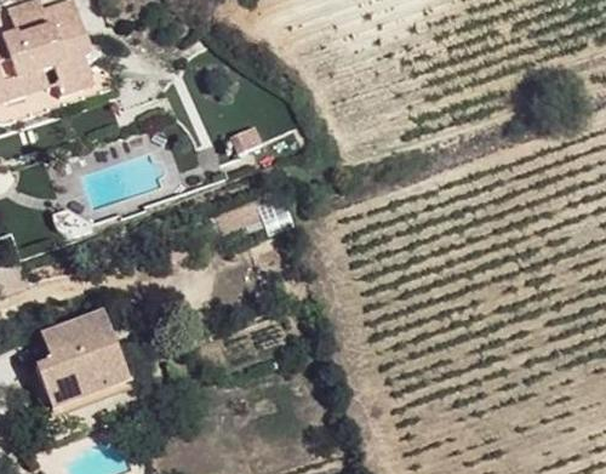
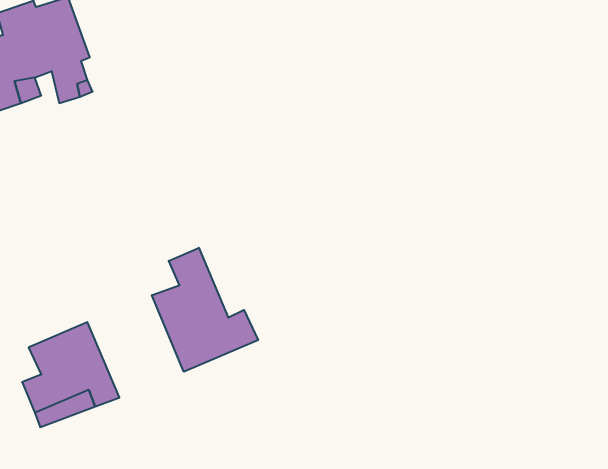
building: none -> [152,248,258,372]

